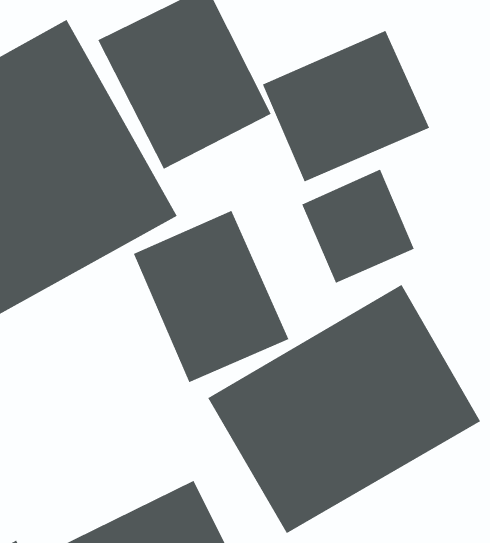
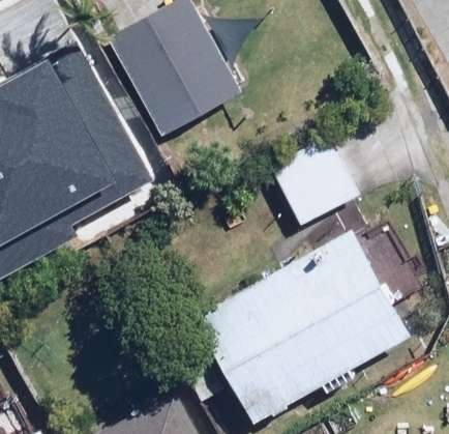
building: [262,30,430,183] -> none
building: [133,210,289,383] -> none

